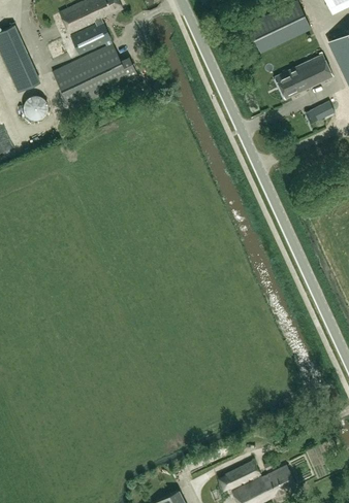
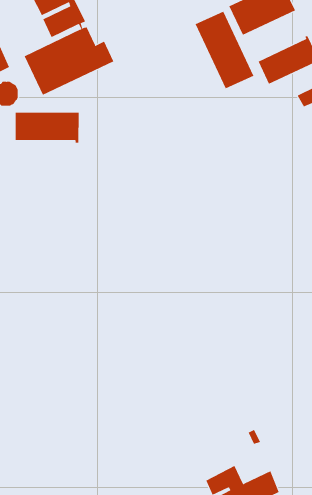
building: none -> [195,11,254,89]
building: none -> [15,112,79,144]

